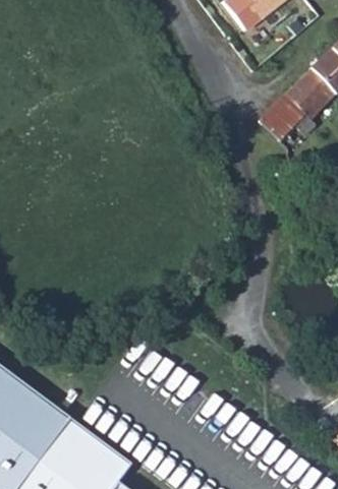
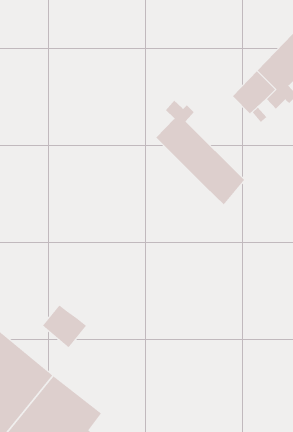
building: none -> [156,100,245,205]
building: none -> [42,304,87,348]

